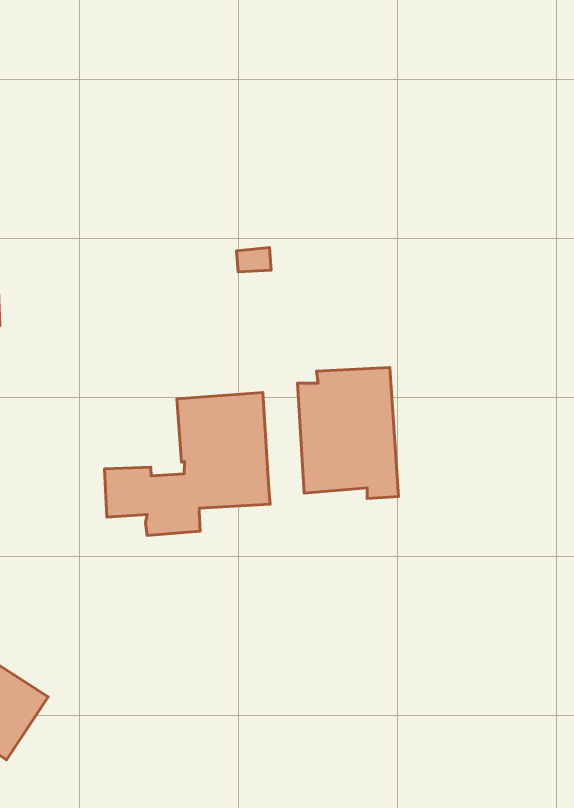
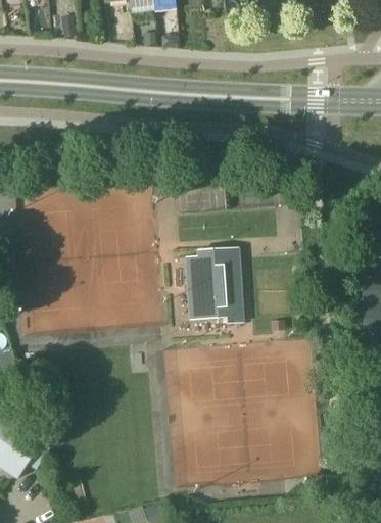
building: [105,392,270,536] -> none

